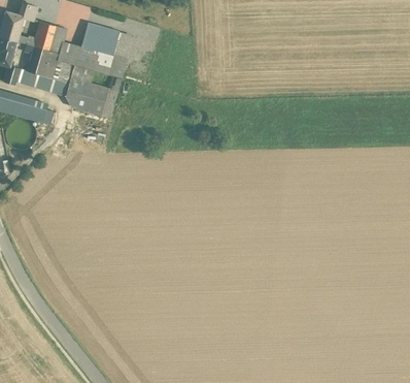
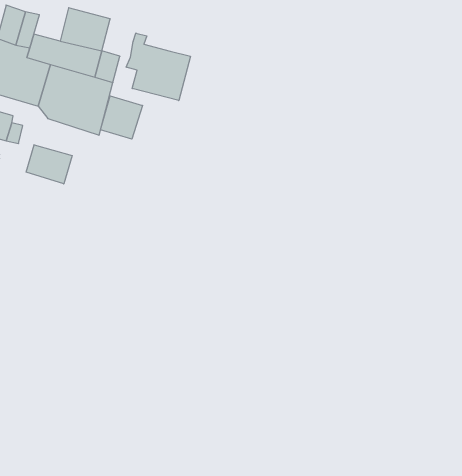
building: none -> [126,33,190,101]
building: none -> [100,96,143,139]
building: none -> [26,145,72,184]

